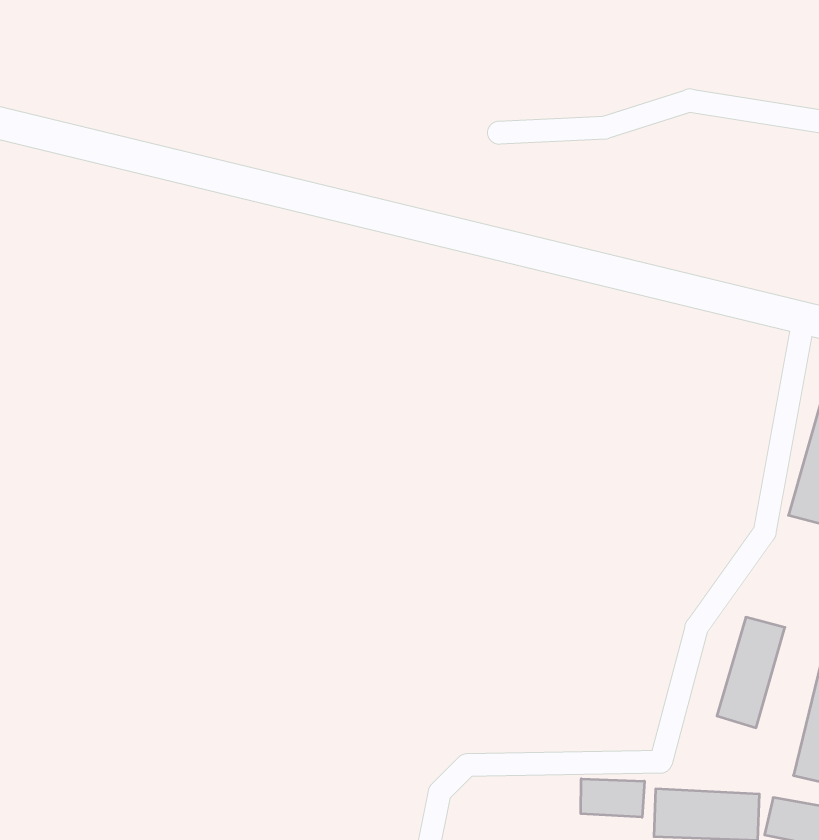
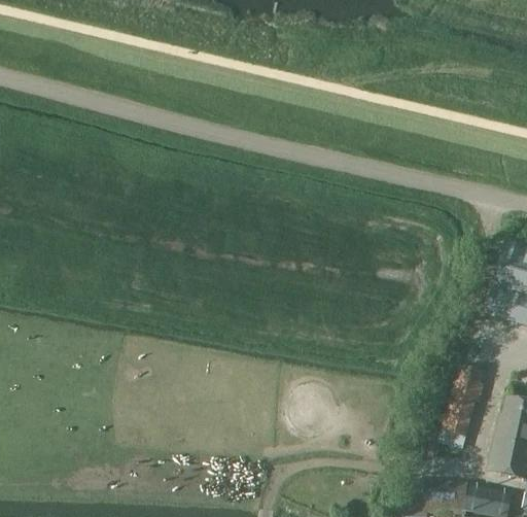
building: [581,779,644,817] -> none

